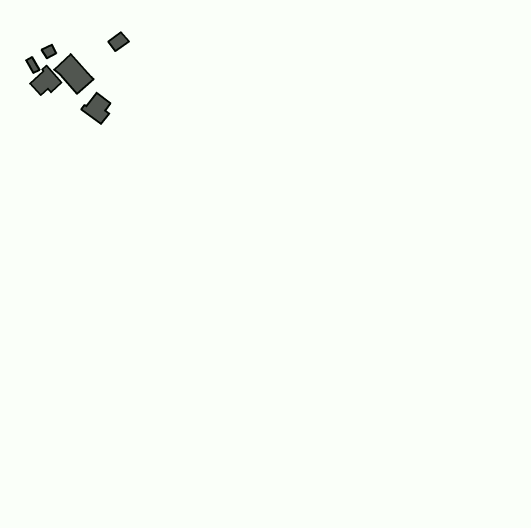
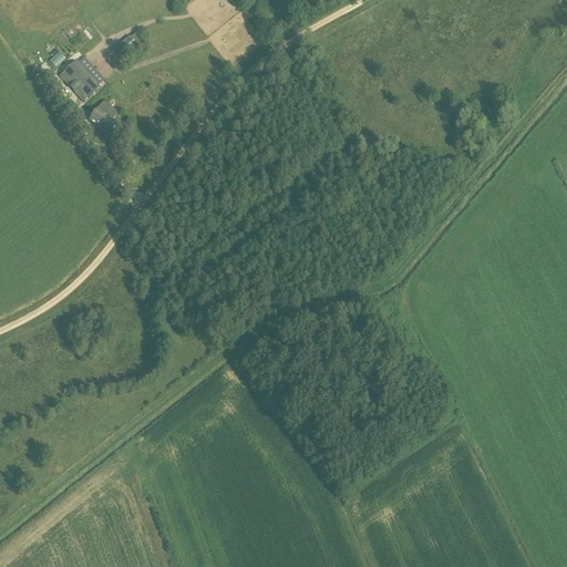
building: [30,66,61,95] -> none

